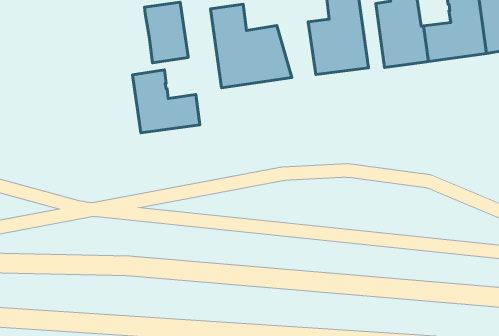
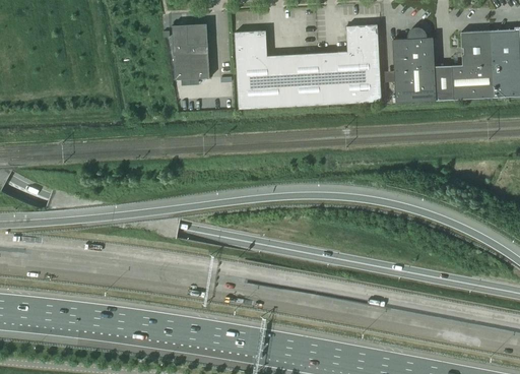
building: none -> [297,53,330,105]
building: [133,70,200,133] -> none

